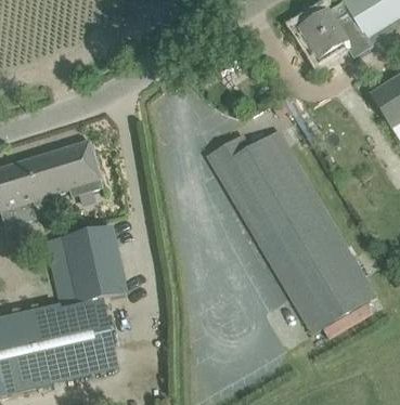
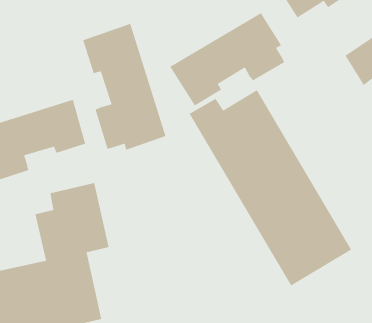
building: none -> [169,12,285,106]
building: none -> [82,23,166,151]

